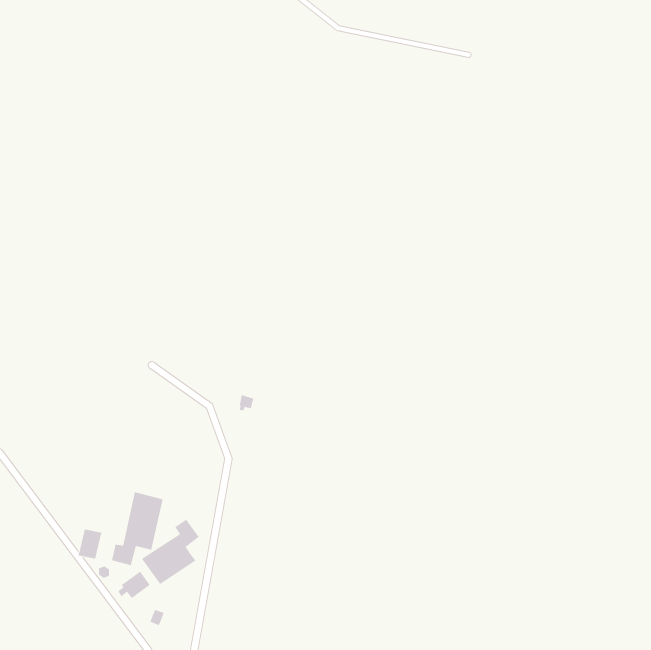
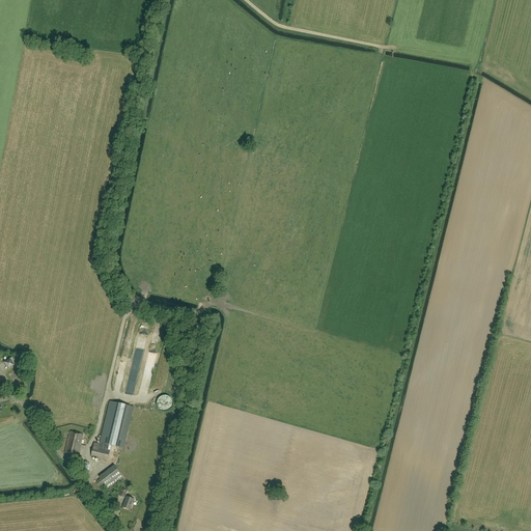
building: [141,519,199,585] -> none

